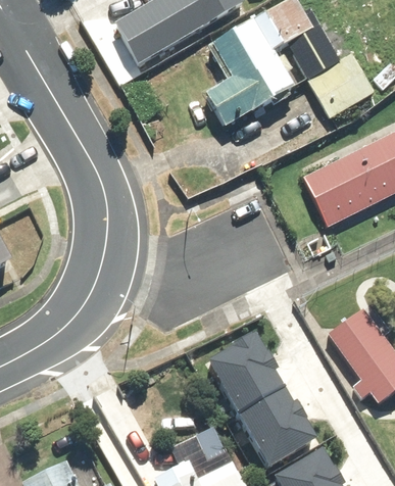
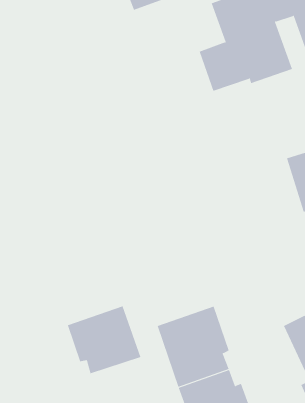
building: none -> [67,306,141,374]

